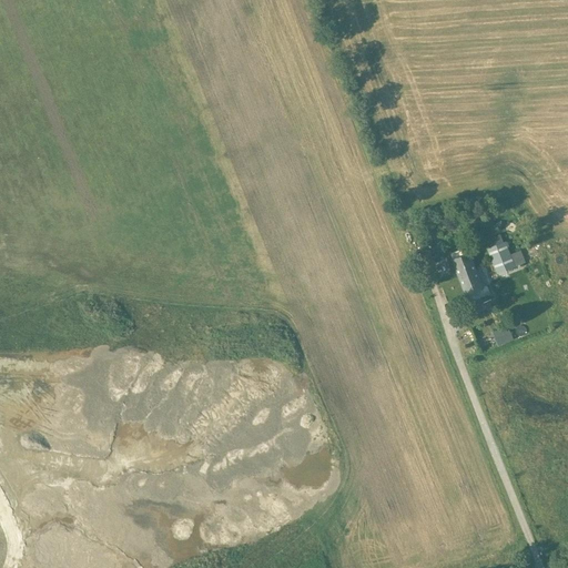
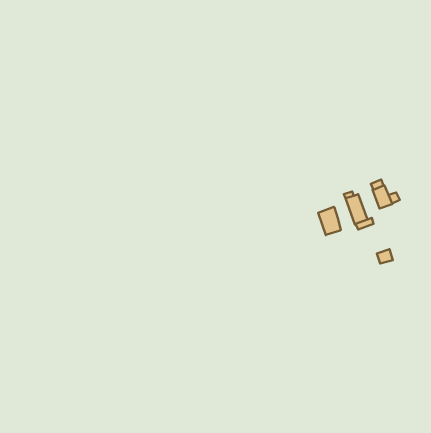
building: none -> [318,207,341,235]

